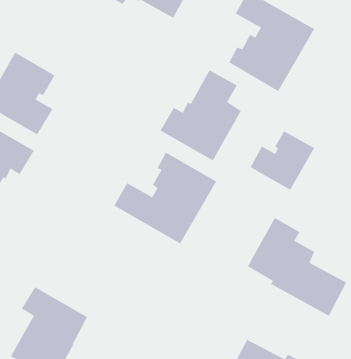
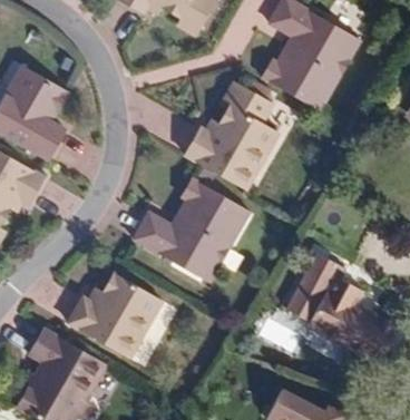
building: [249,130,315,191] -> none
building: none -> [68,272,162,356]

